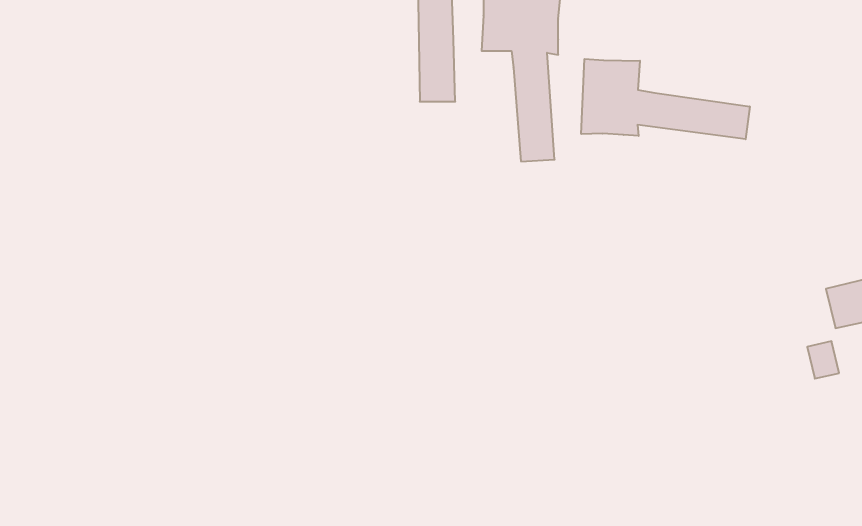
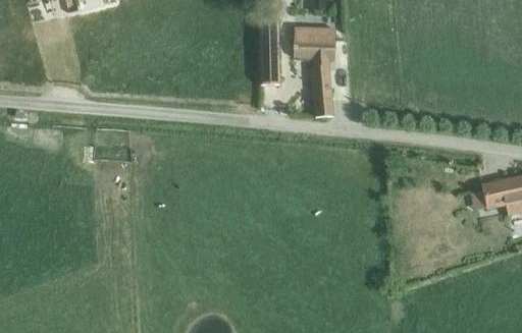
building: [581,59,750,139] -> none

